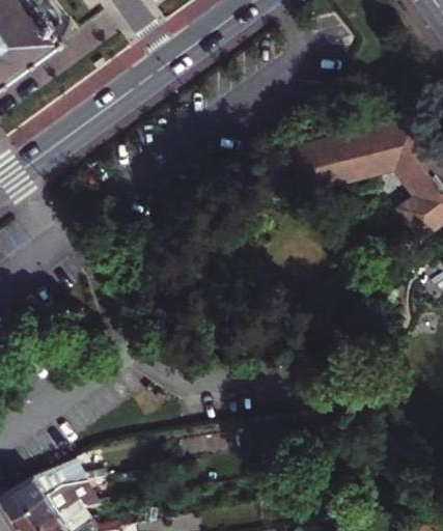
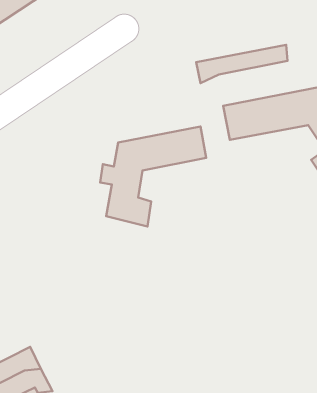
building: none -> [196,45,288,83]
building: none -> [100,126,206,226]

